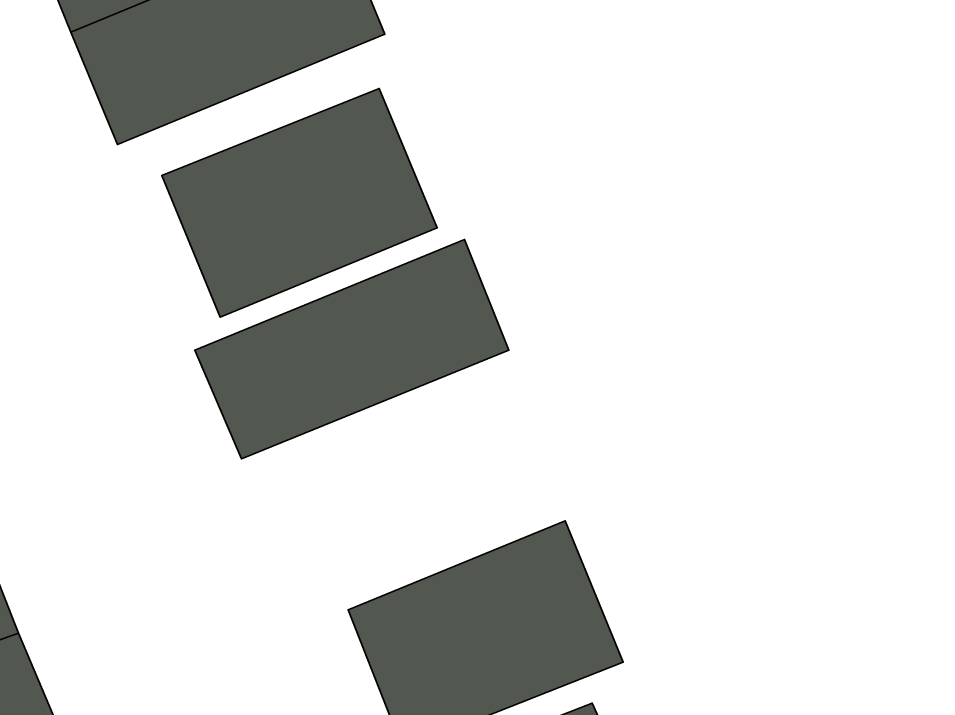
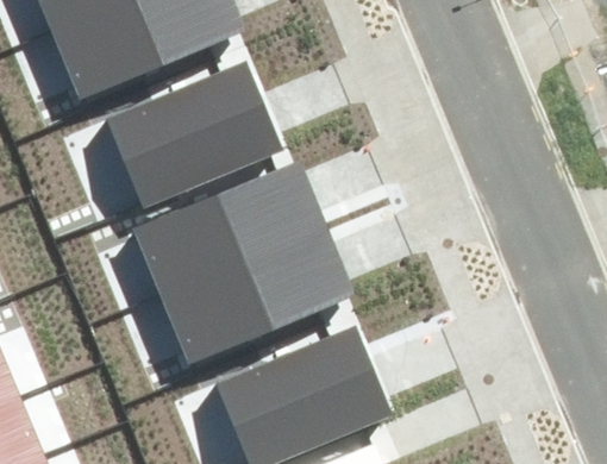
building: none -> [157,225,350,362]

